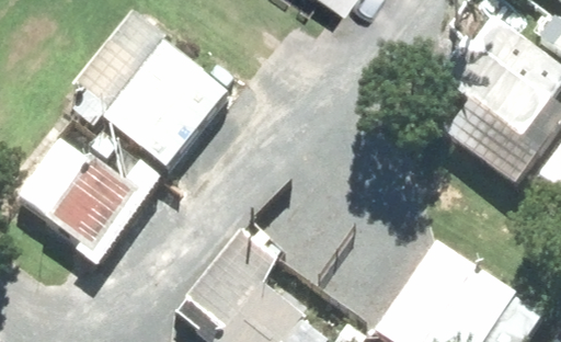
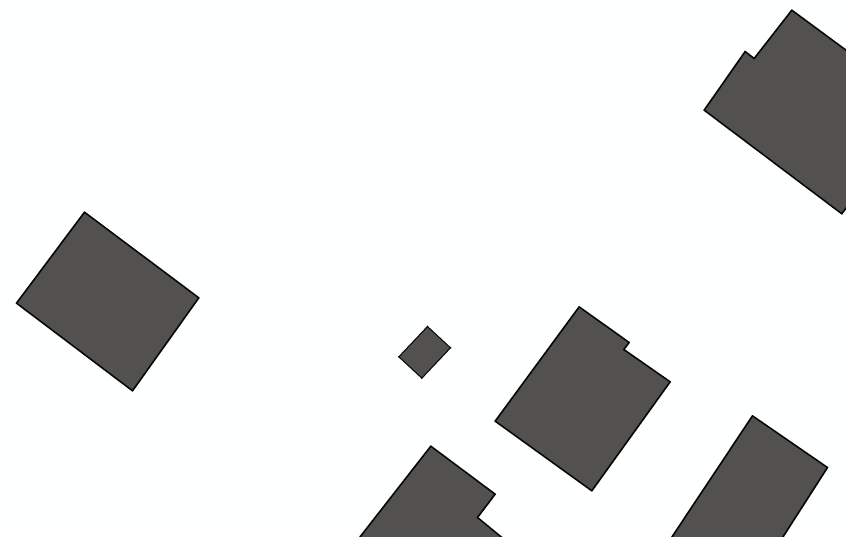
building: [103,37,229,168] -> none

